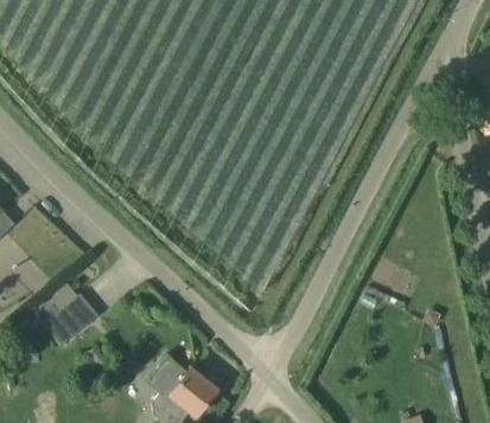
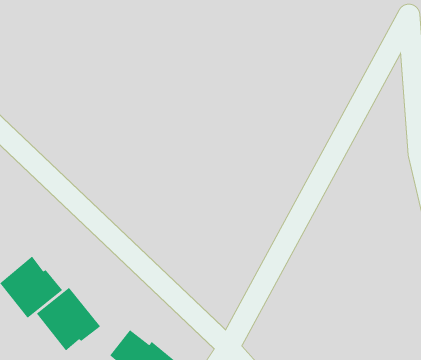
building: none -> [36,287,101,352]

